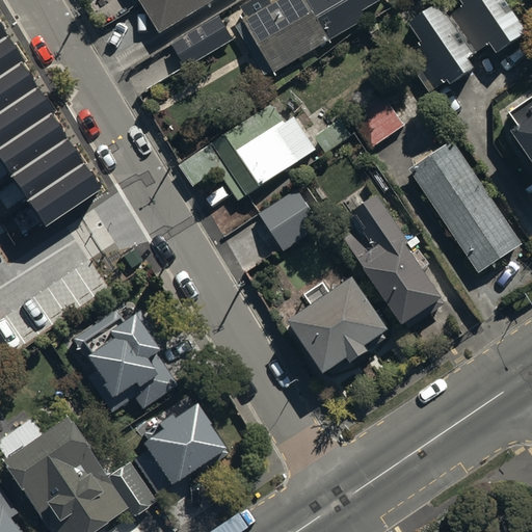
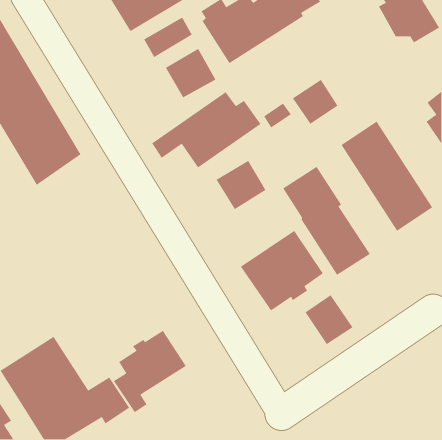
building: [408,6,475,95] -> none
building: none -> [165,48,216,99]
building: [68,297,175,403] -> none
building: none -> [304,294,353,345]

